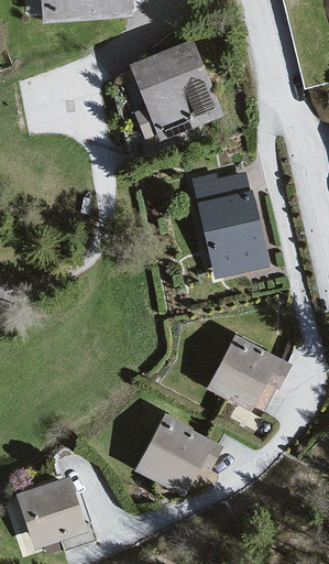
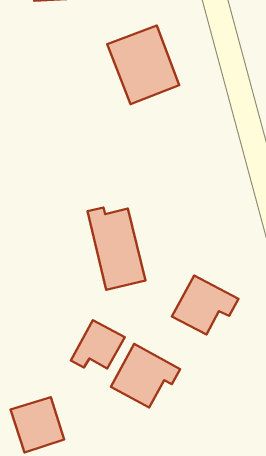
building: [195,175,263,272] -> [87,207,146,290]
building: none -> [71,320,125,369]

